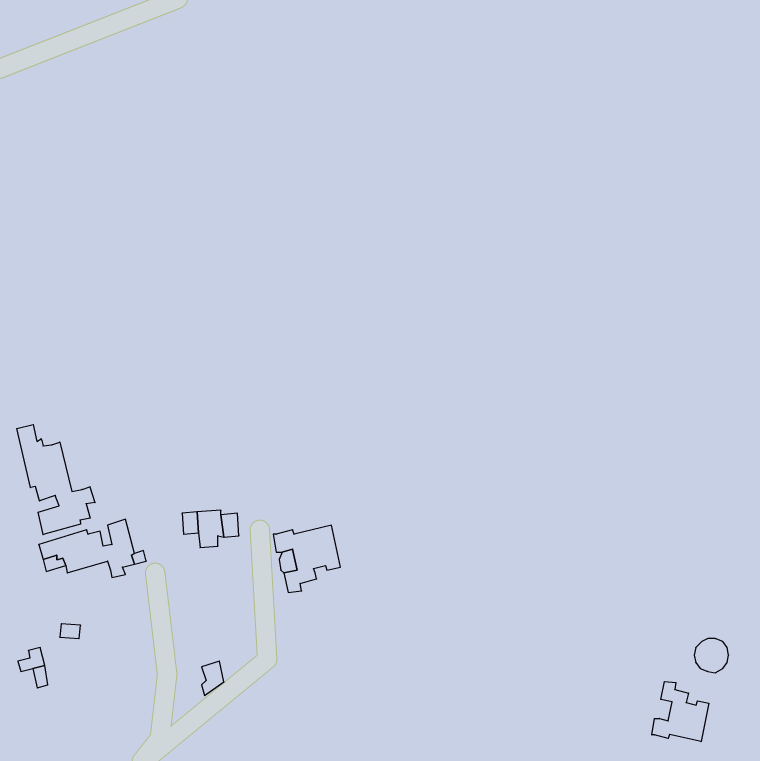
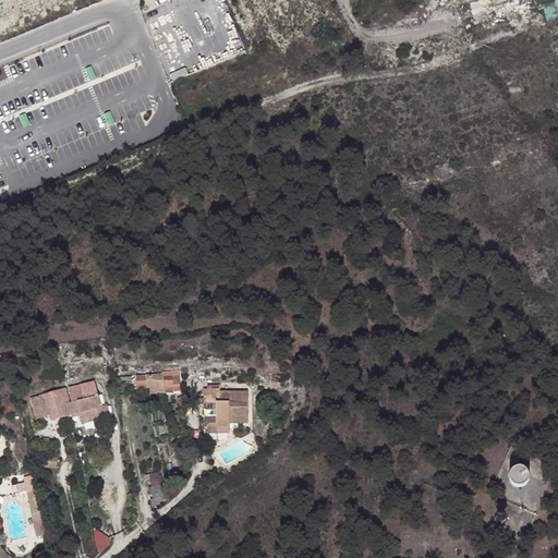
building: [17,425,95,535] -> none
building: [652,682,709,742] -> none

